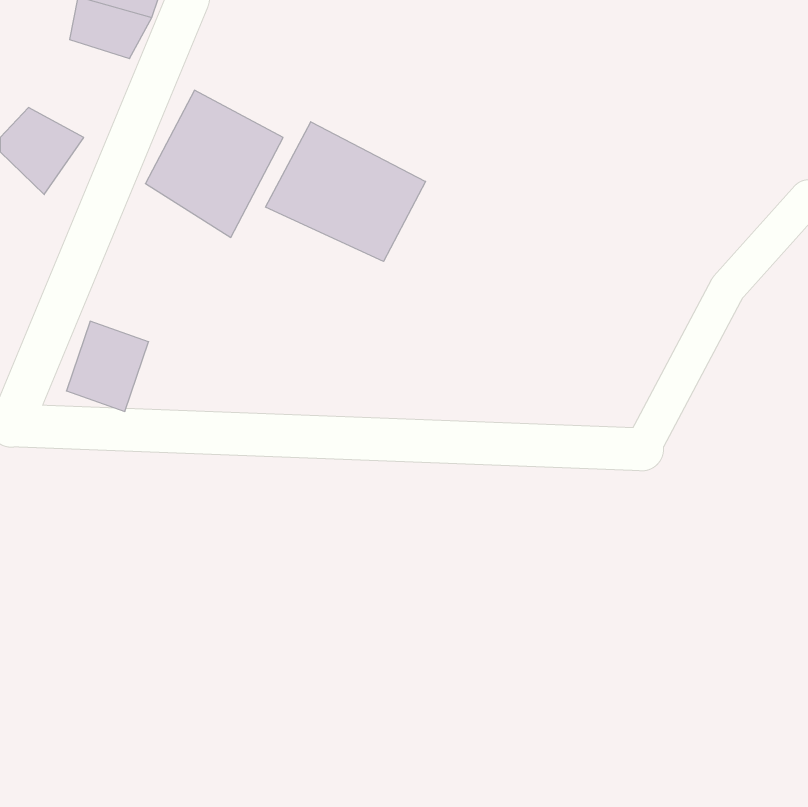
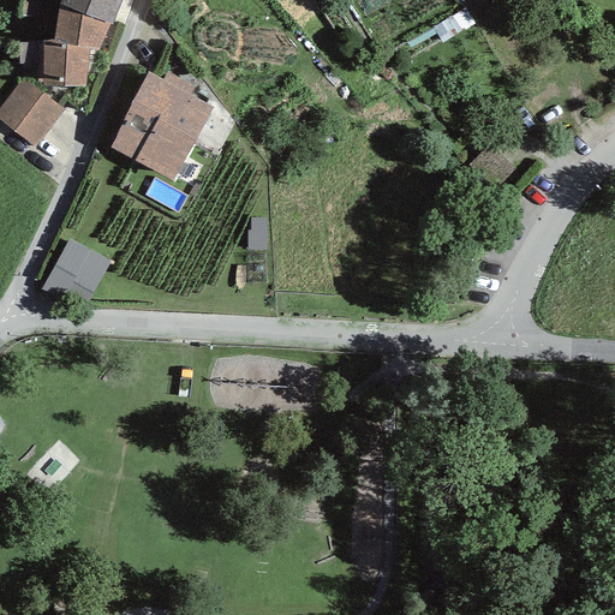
building: none -> [42,30,88,80]
building: [266,122,426,261] -> none

